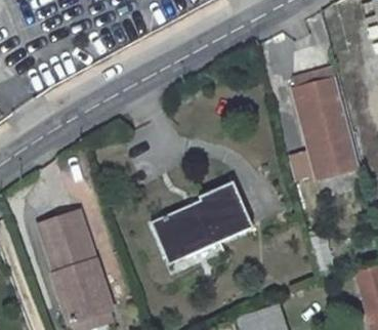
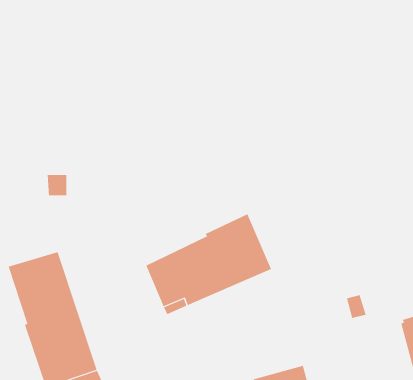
building: [294,72,361,174] -> none

